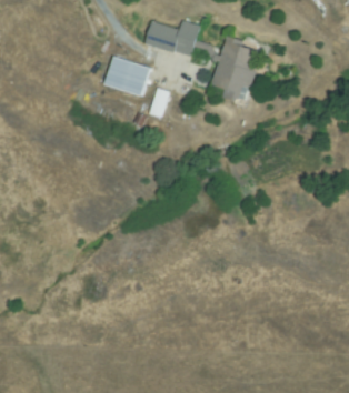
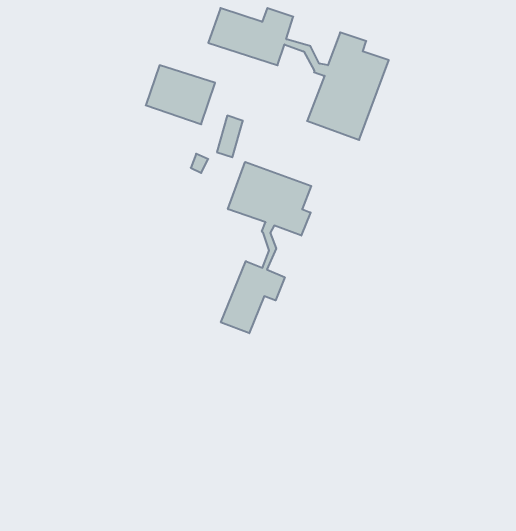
building: none -> [221,162,311,333]

